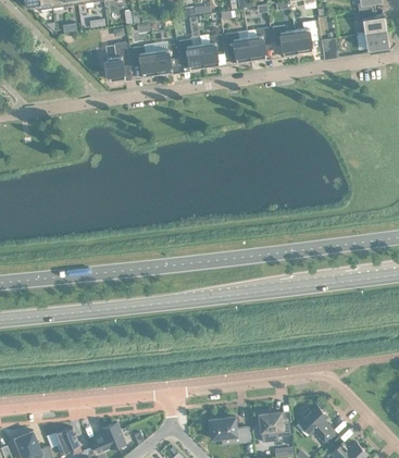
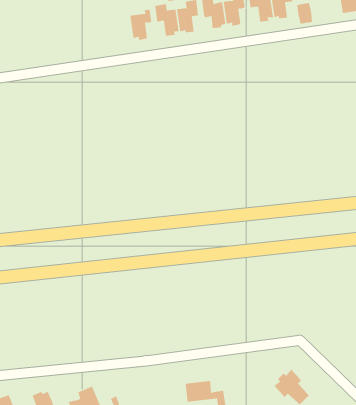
building: [103,41,128,82] -> none
building: [130,46,155,77] -> none
building: [258,411,289,435] -> none

